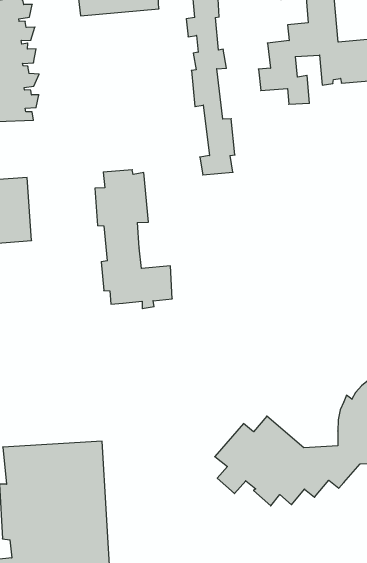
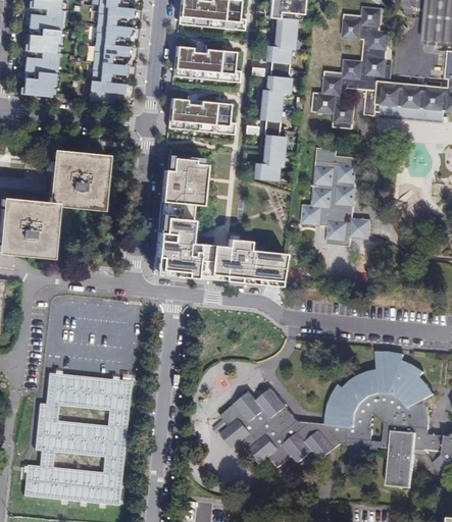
building: none -> [169,47,238,82]
building: none -> [165,100,234,134]
building: none -> [303,149,372,246]
building: none -> [223,232,285,276]

